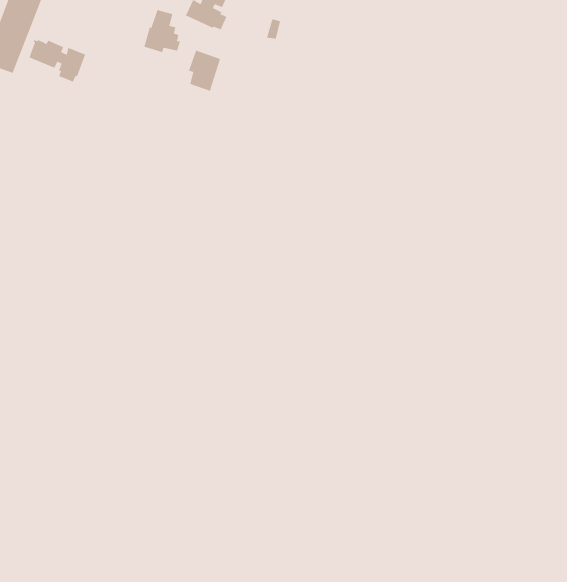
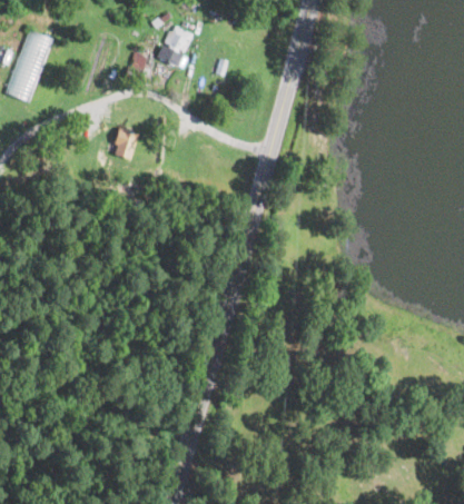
building: [29,39,86,82] -> none
building: [188,50,221,92] -> [112,127,137,158]

